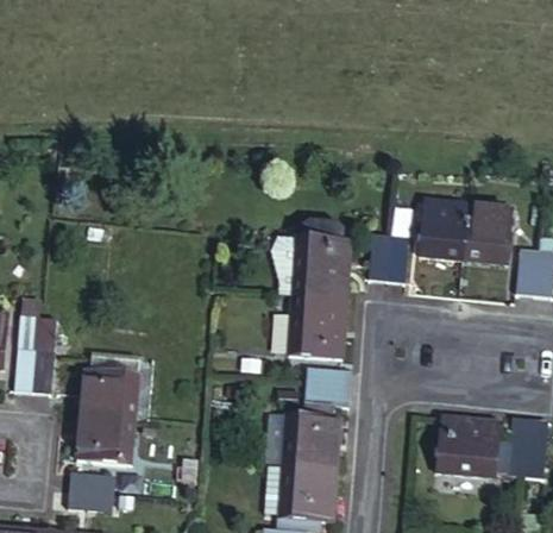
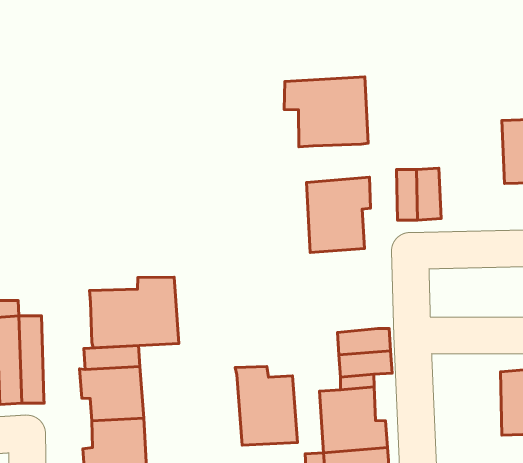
building: none -> [284,77,368,147]
building: [420,203,469,259] -> none
building: [289,296,344,358] -> none
building: none -> [90,277,179,348]
building: none -> [235,366,298,445]

